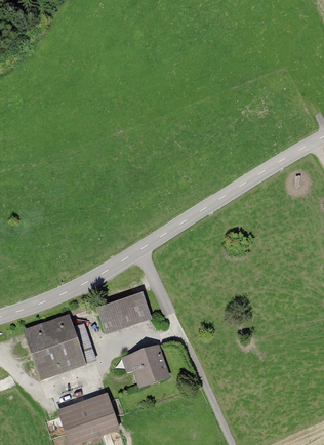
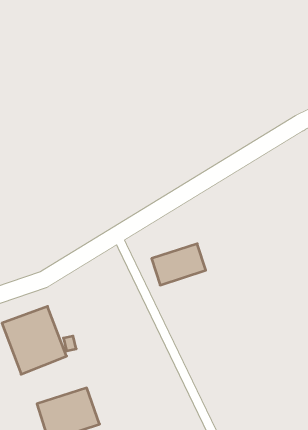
building: [98,292,151,332] -> [152,244,206,285]
building: [126,342,171,386] -> none

